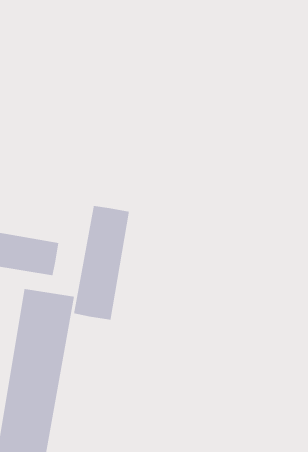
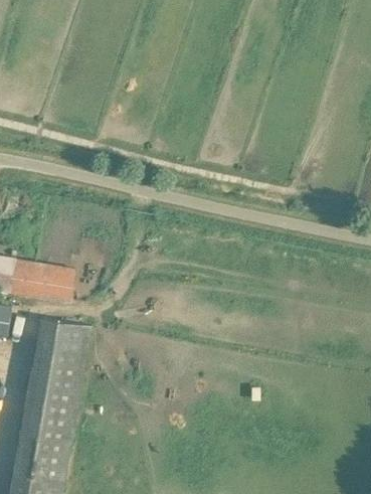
building: [74,205,130,320] -> none

